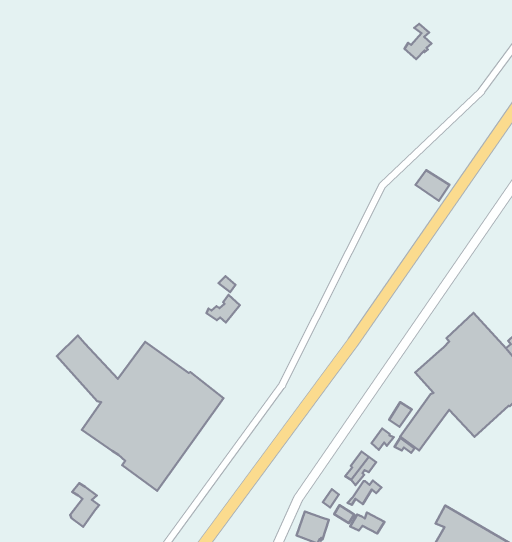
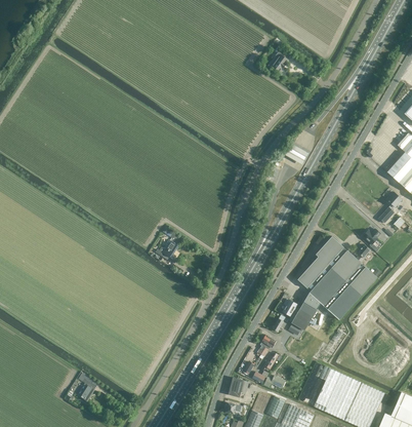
building: [57,336,223,491] -> none

